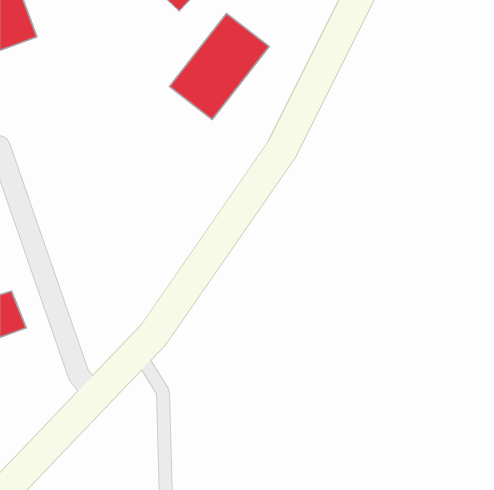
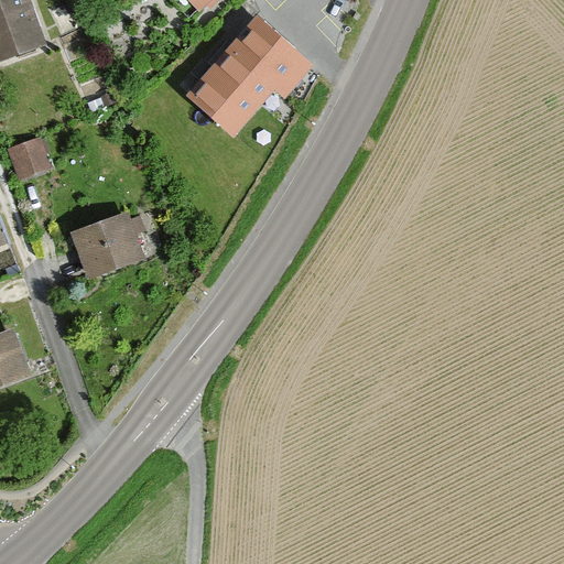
building: none -> [8,139,50,178]
building: none -> [69,210,142,280]

